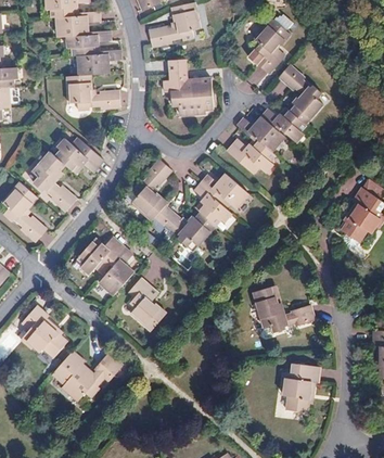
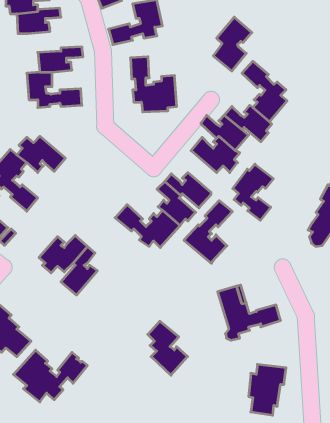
building: [66,30,110,56] -> none
building: [124,158,171,220] -> [184,201,232,263]
building: none -> [233,164,273,220]
building: [128,277,167,330] -> [148,321,188,375]

